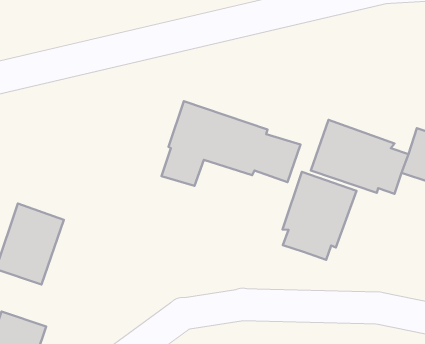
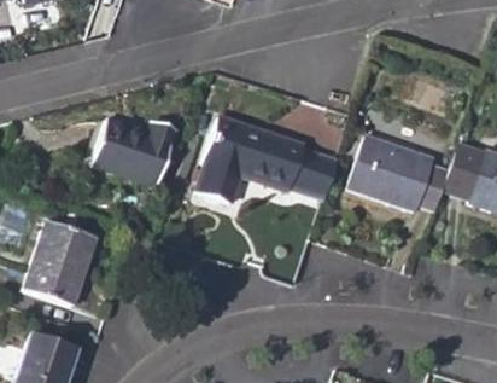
building: none -> [93,118,179,188]
building: [282,172,356,260] -> none

